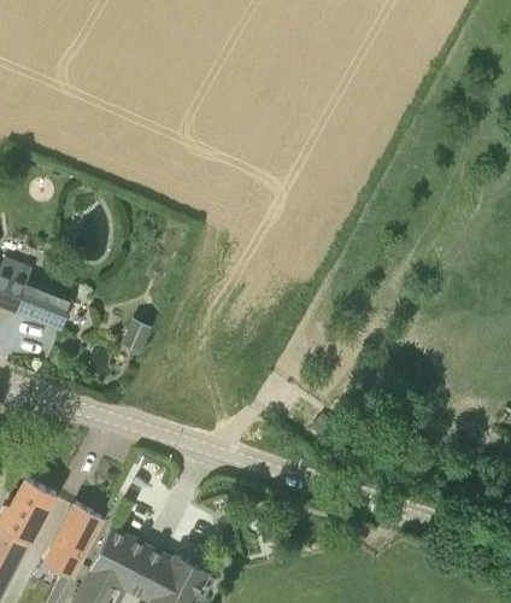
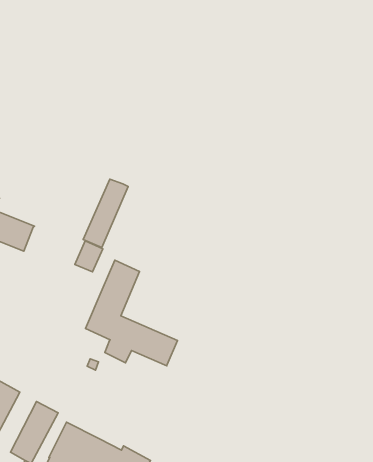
building: none -> [83,179,128,248]
building: none -> [86,260,178,366]

